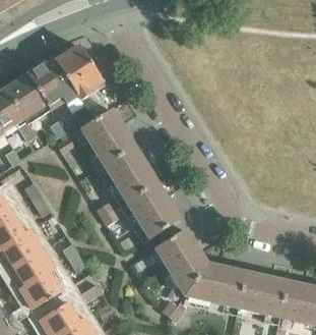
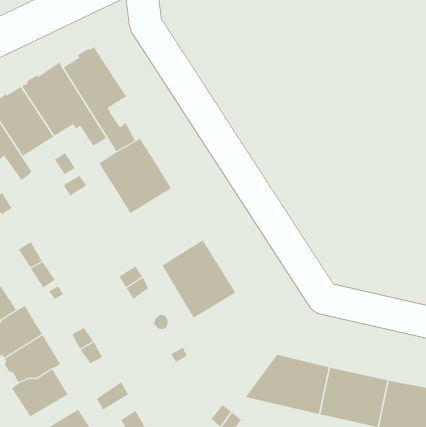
building: [104,146,155,201] -> none
building: [155,230,207,294] -> none

